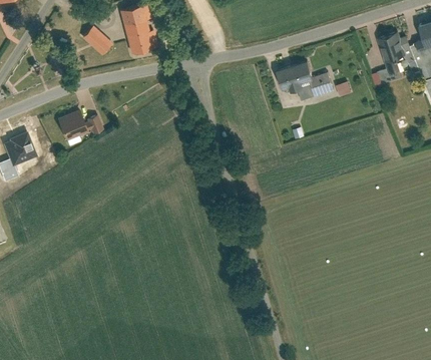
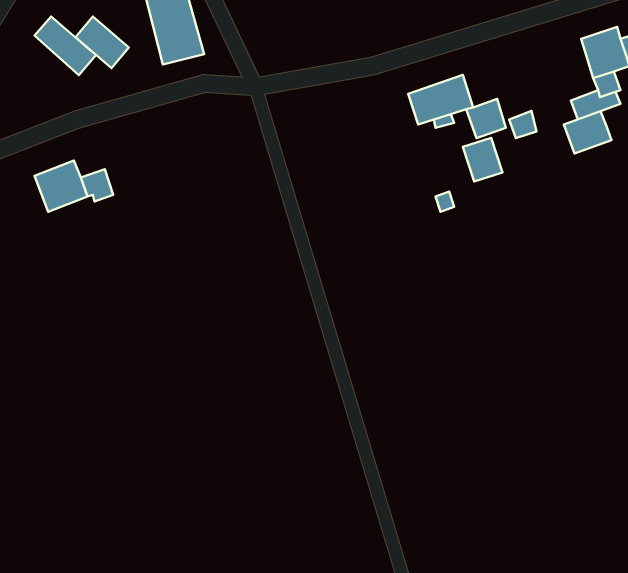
building: none -> [34,17,96,75]
building: none -> [564,111,611,153]
building: none -> [463,138,503,182]

